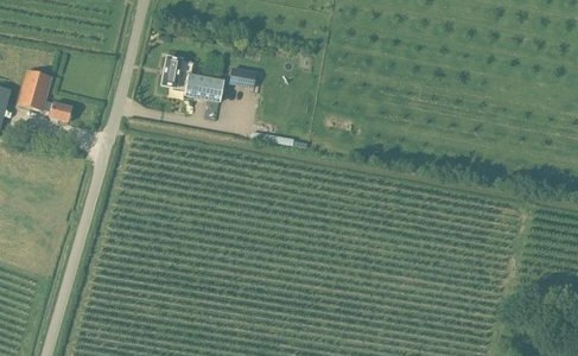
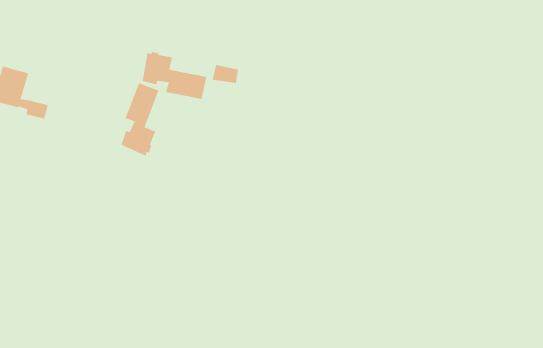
building: none -> [121,82,159,157]

